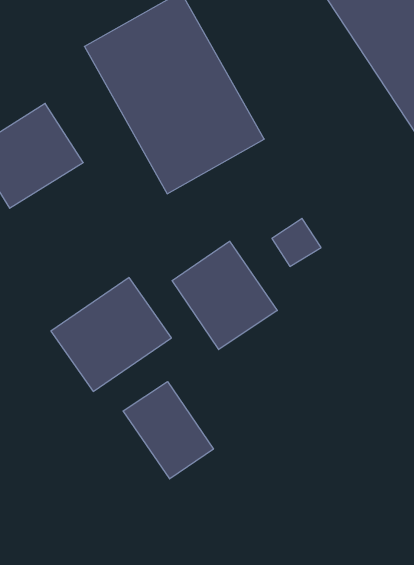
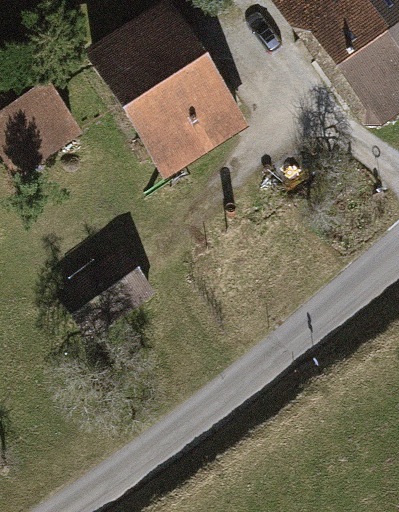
building: [172,241,277,350] -> none
building: [123,382,213,479] -> none

